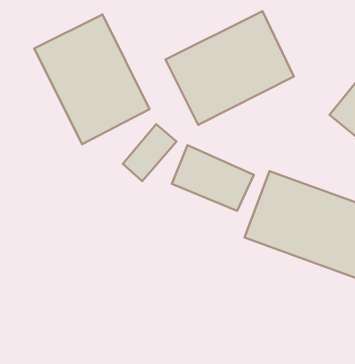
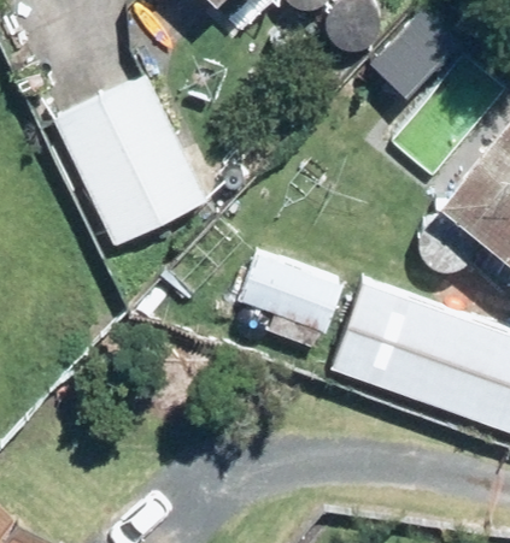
building: [166,11,294,125] -> none

